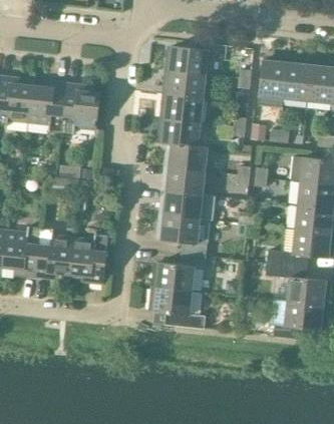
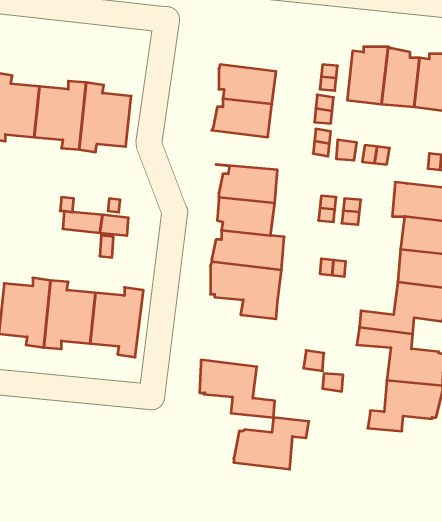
building: [164,46,208,75] -> none
building: [158,118,207,147] -> none
building: [150,254,206,292] -> [234,417,309,469]

